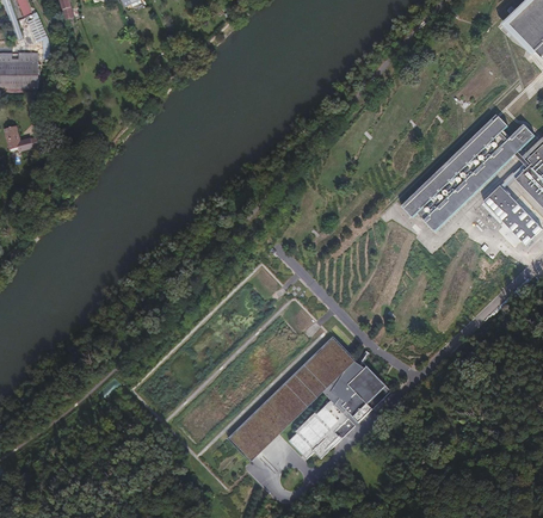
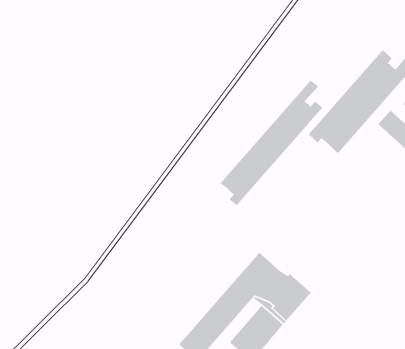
building: none -> [219,80,324,206]

